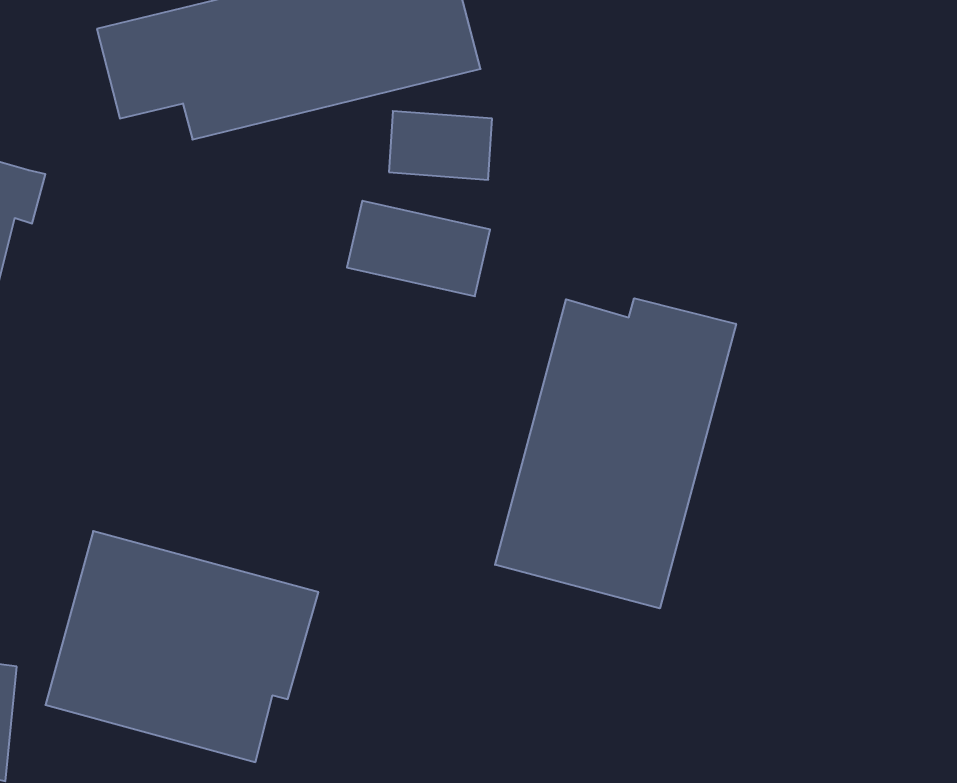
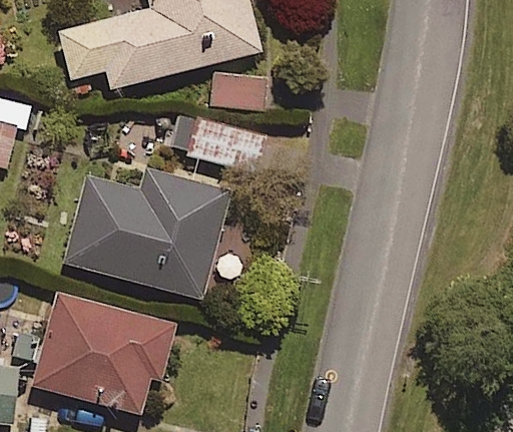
building: none -> [65,169,230,299]
building: [495,298,736,608] -> none

